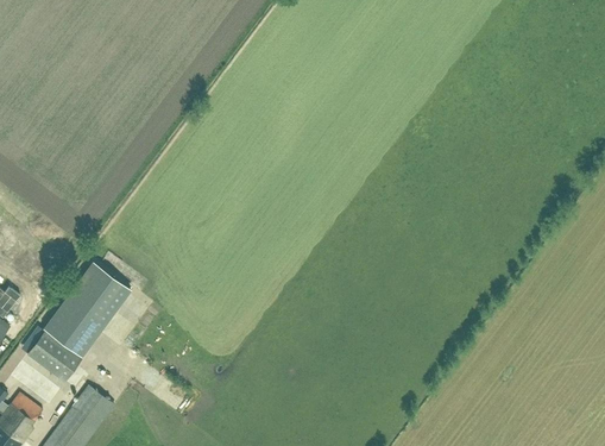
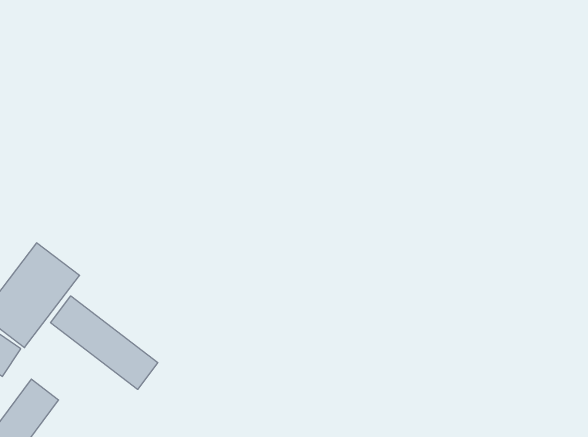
building: none -> [51,296,158,389]

